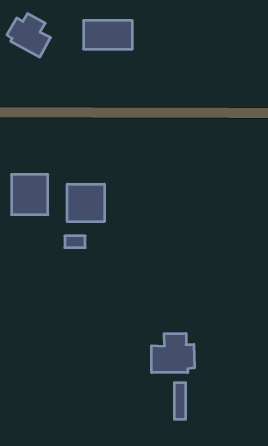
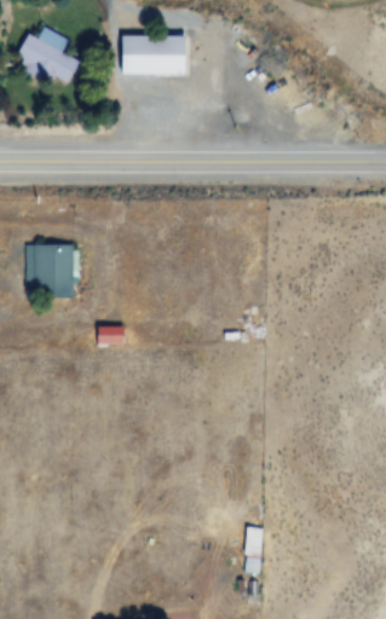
building: [67,184,104,222] -> none
building: [152,333,194,373] -> none

